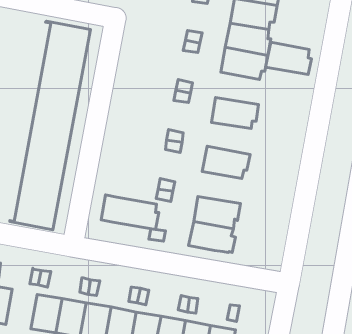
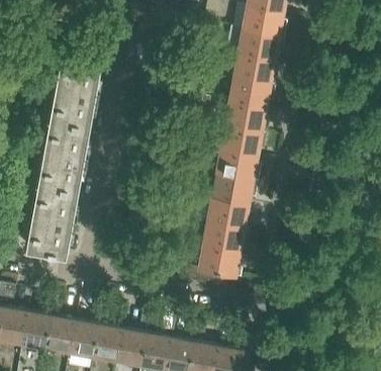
building: [265,42,311,75] -> [222,100,267,131]
building: none -> [214,149,259,180]
building: [101,195,159,229] -> [194,194,250,227]
building: none -> [19,310,50,349]

